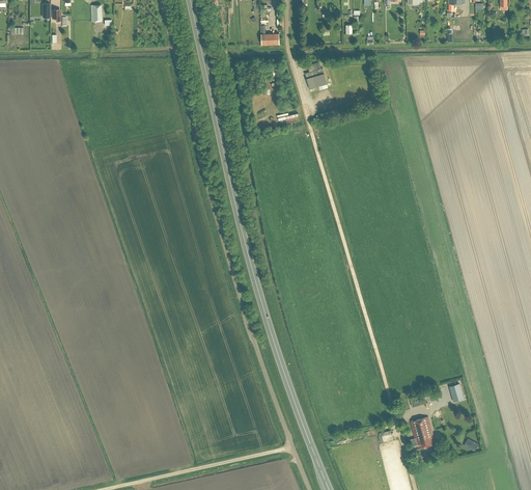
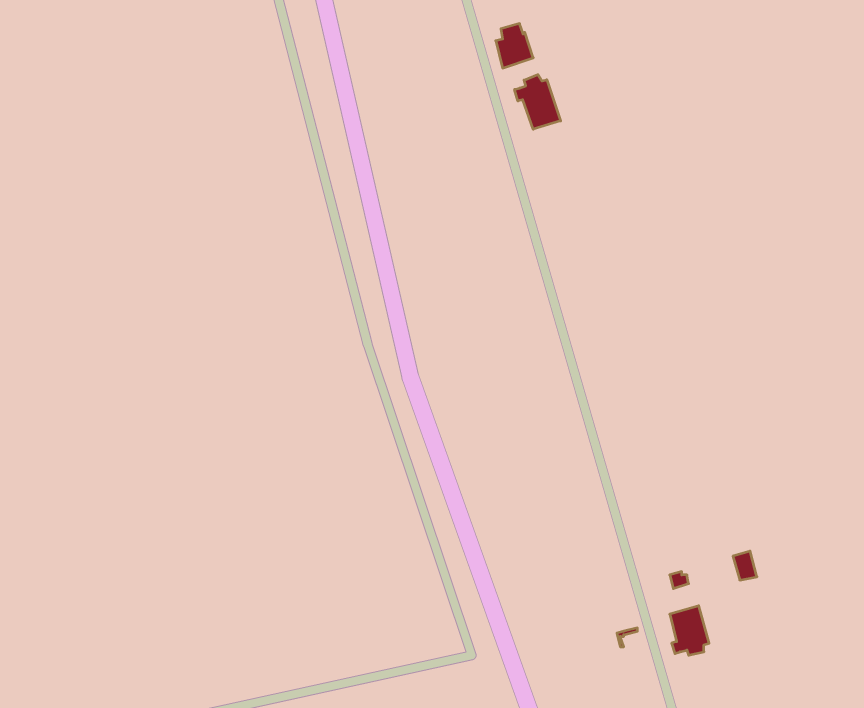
building: none -> [515,75,561,129]

